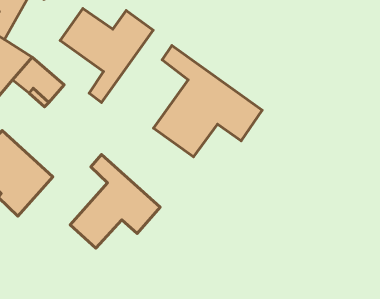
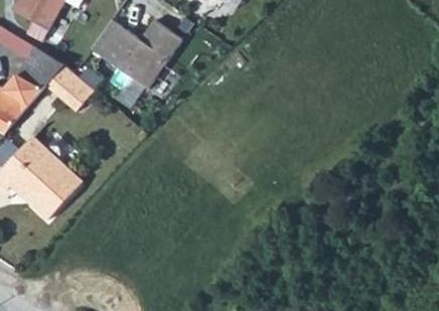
building: [154,46,262,157] -> none
building: [70,155,160,248] -> none

